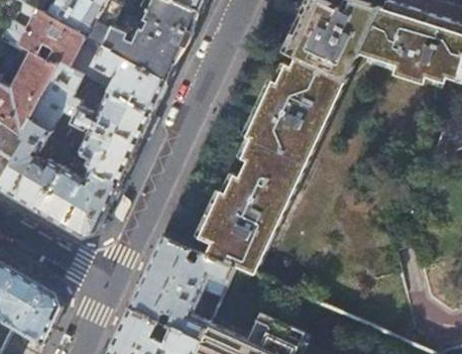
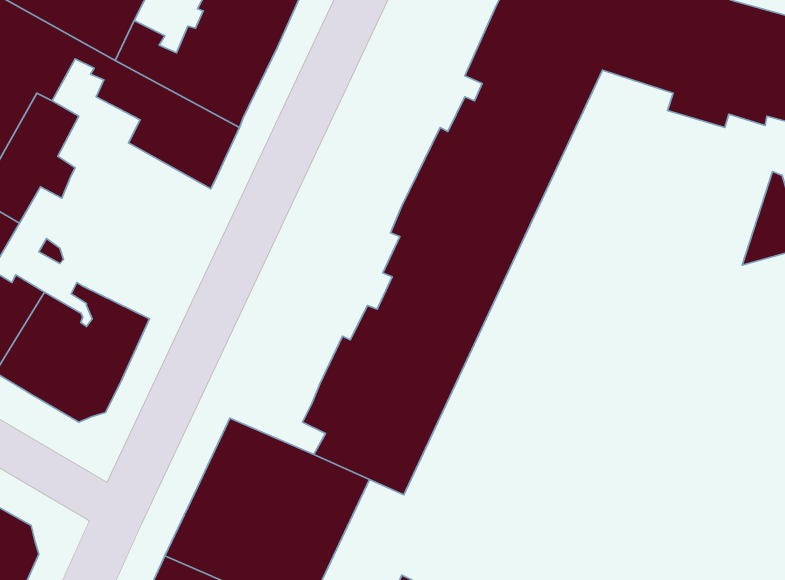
building: [70,91,150,184] -> none

